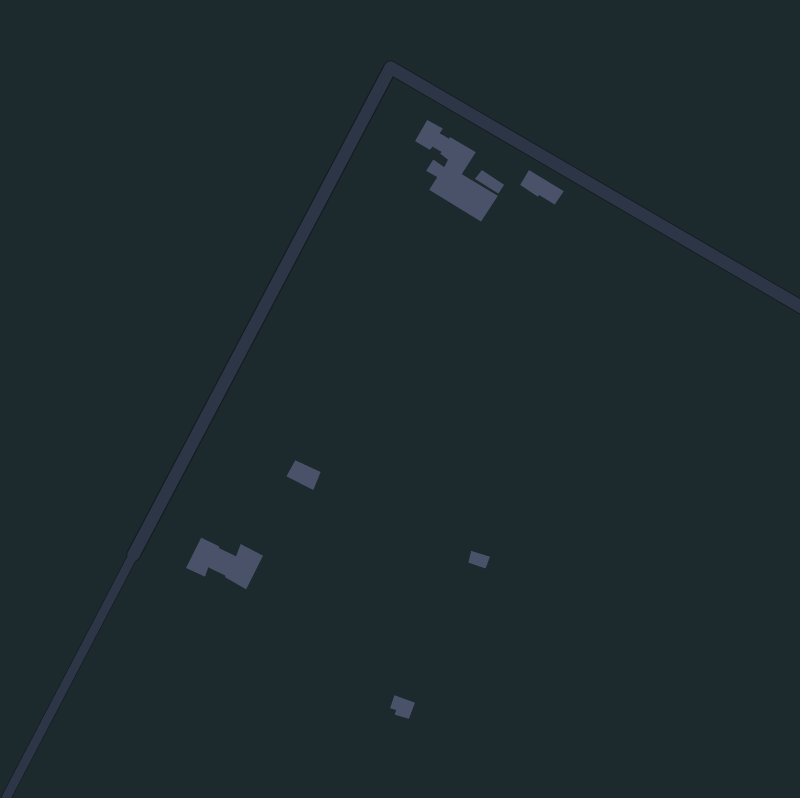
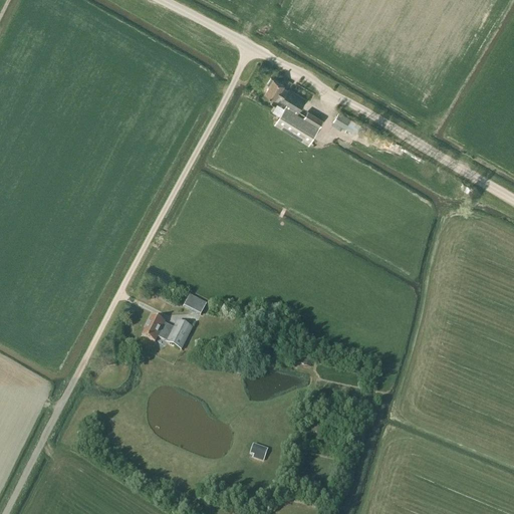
building: [185,537,264,590] -> [143,315,193,349]

